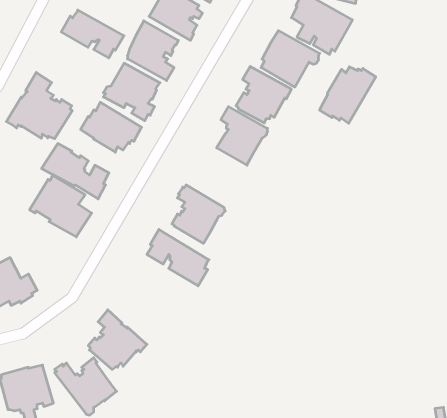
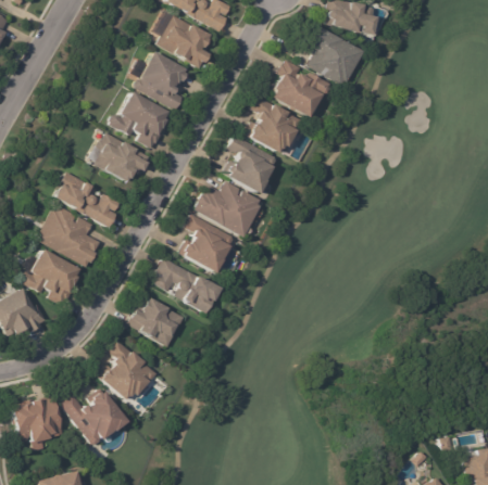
building: [61,10,124,58] -> none
building: [320,67,376,123] -> none
building: [6,72,72,139] -> none
building: none -> [193,182,260,238]
building: none -> [24,250,79,307]
building: none -> [132,296,187,348]

